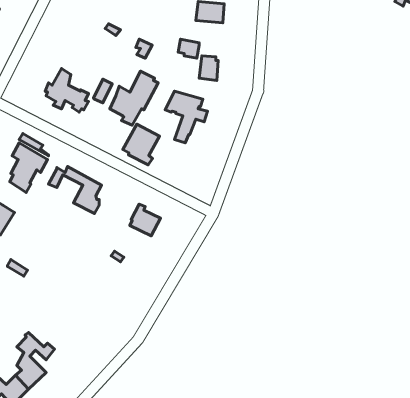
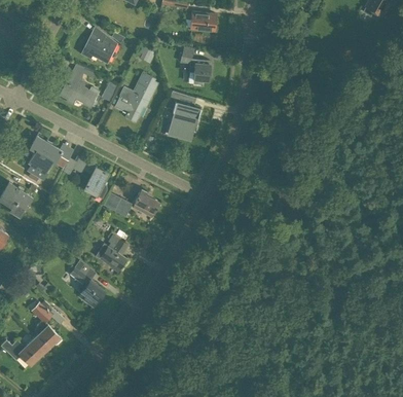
building: none -> [81,30,116,63]
building: [123,124,160,165] -> none
building: none -> [103,192,132,217]
building: none -> [100,234,129,272]
building: none -> [69,260,105,306]

